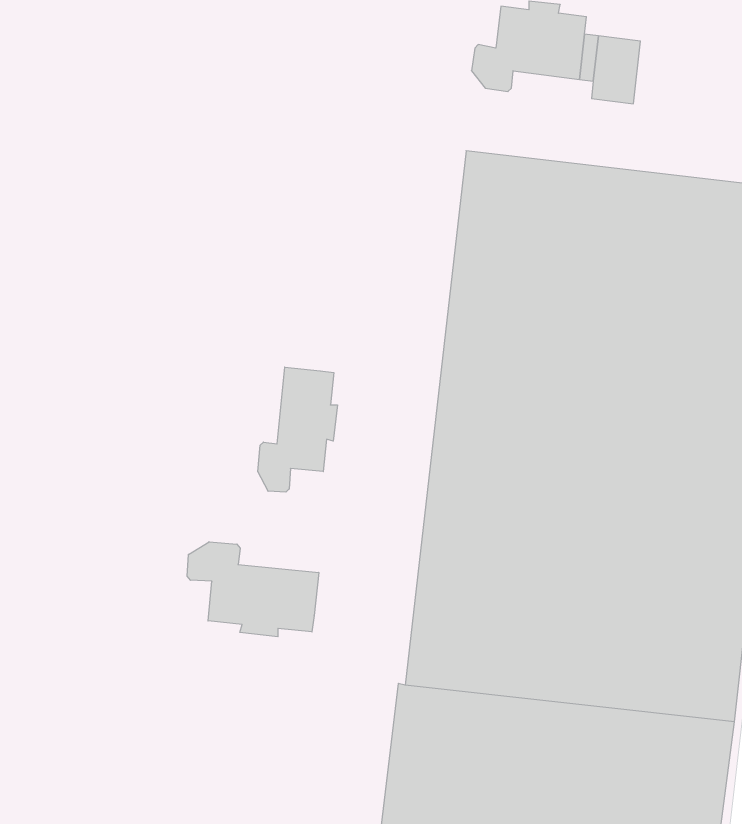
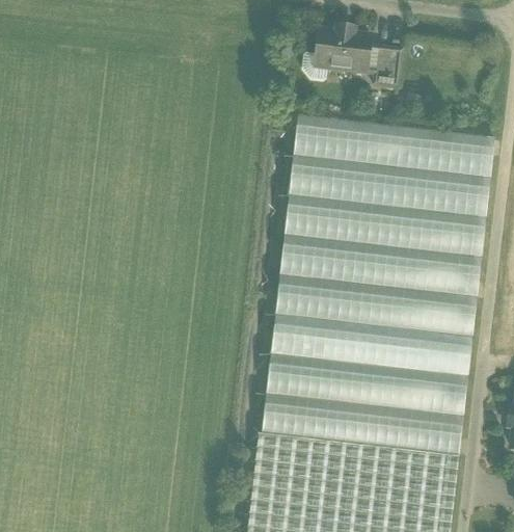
building: [258,367,337,492] -> none
building: [187,542,319,637] -> none

